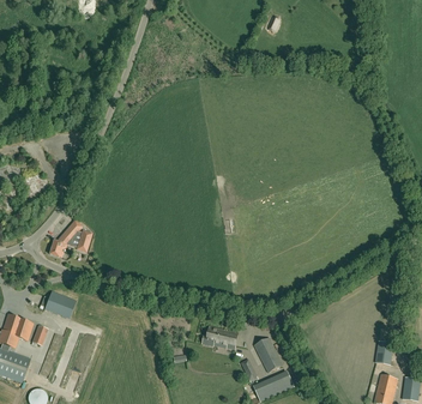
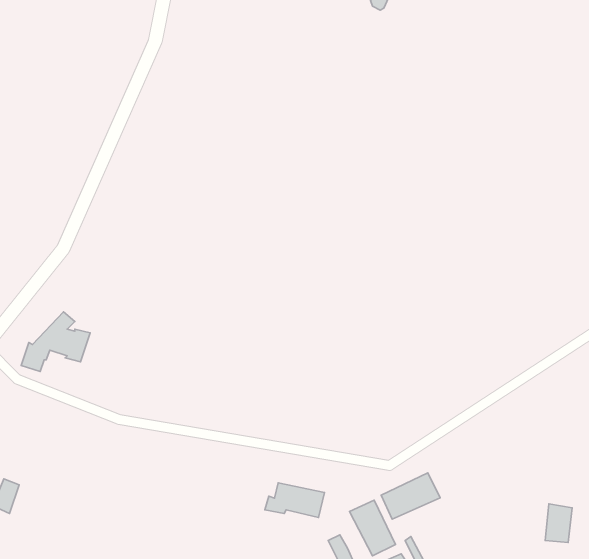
building: [44,290,77,318] -> none
building: none -> [381,473,440,519]

